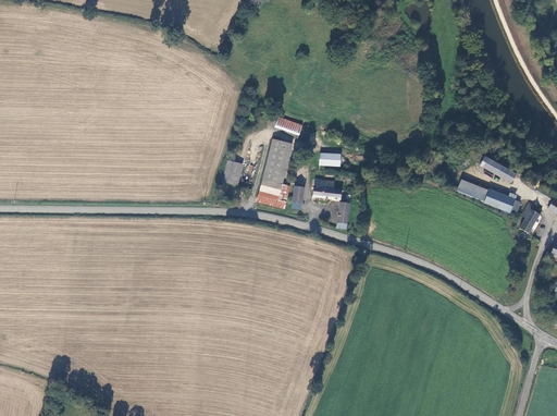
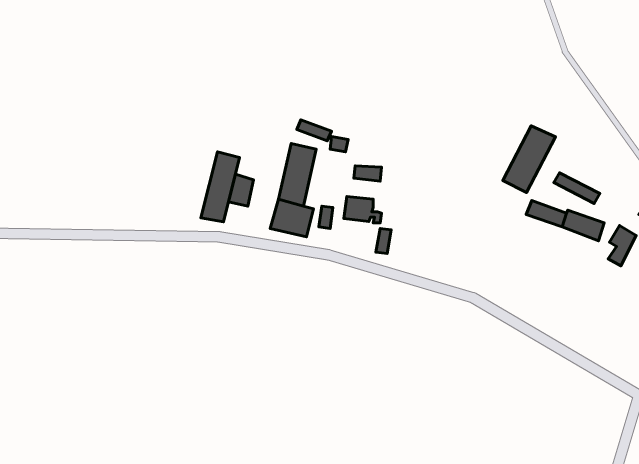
building: none -> [503,126,556,193]
building: none -> [201,152,240,222]

